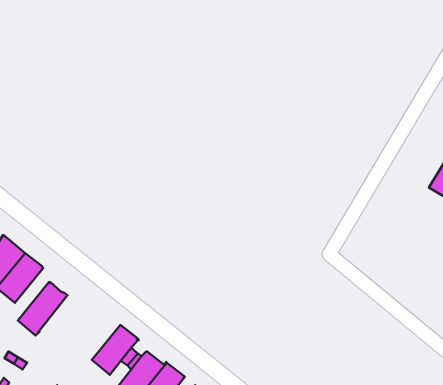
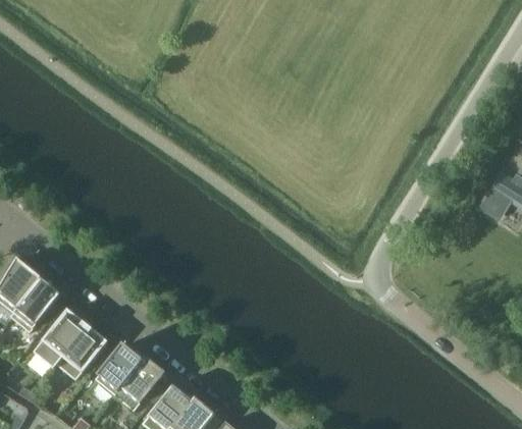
building: none -> [55,324,105,379]
building: none -> [94,344,144,394]

